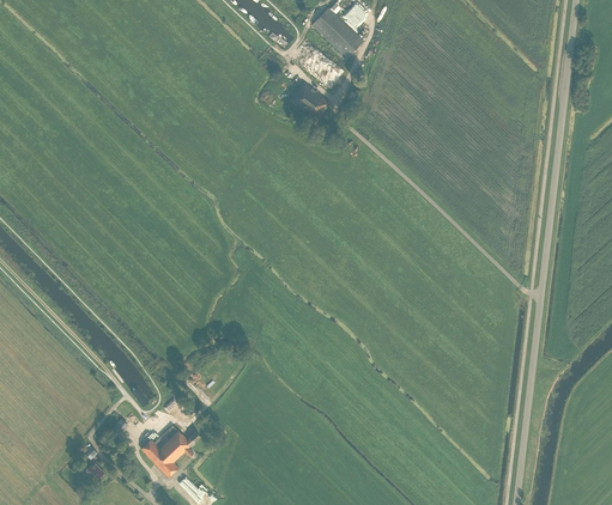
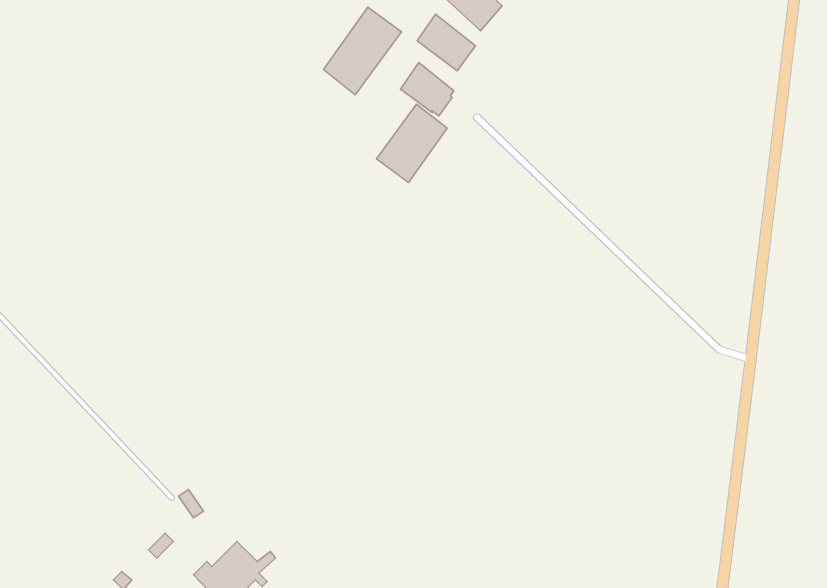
building: none -> [323,7,402,95]
building: none -> [376,104,447,182]

